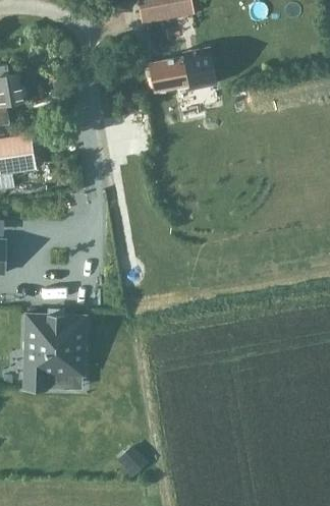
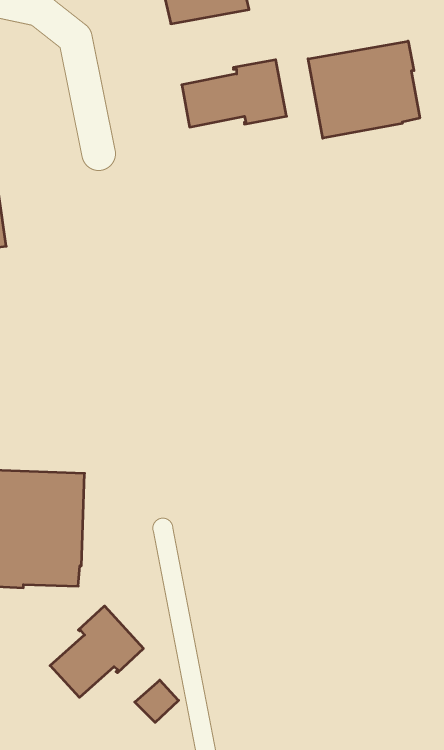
building: none -> [308,41,420,138]
building: none -> [50,606,143,697]

